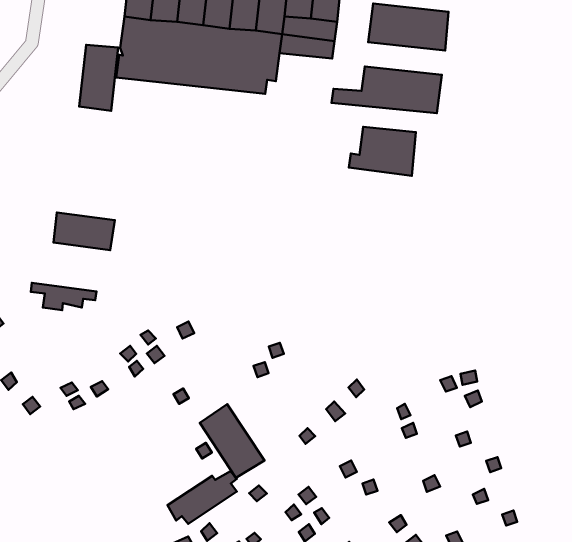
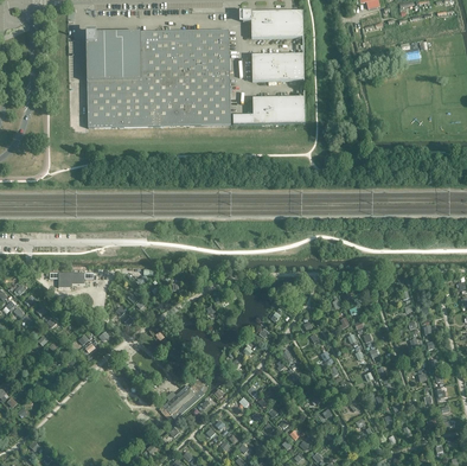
building: [79,45,118,111] -> none
building: [349,127,416,176] -> [187,94,230,123]
building: [53,212,115,250] -> none
building: [200,404,264,478] -> none

